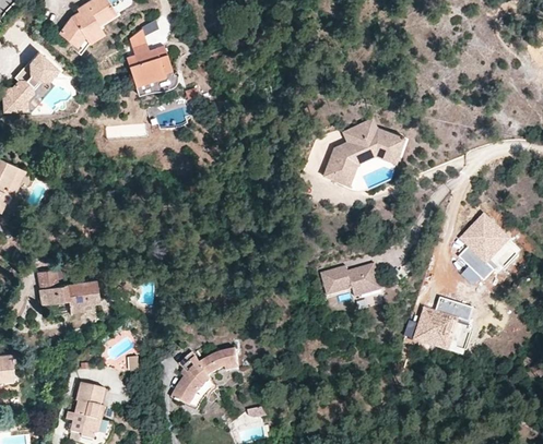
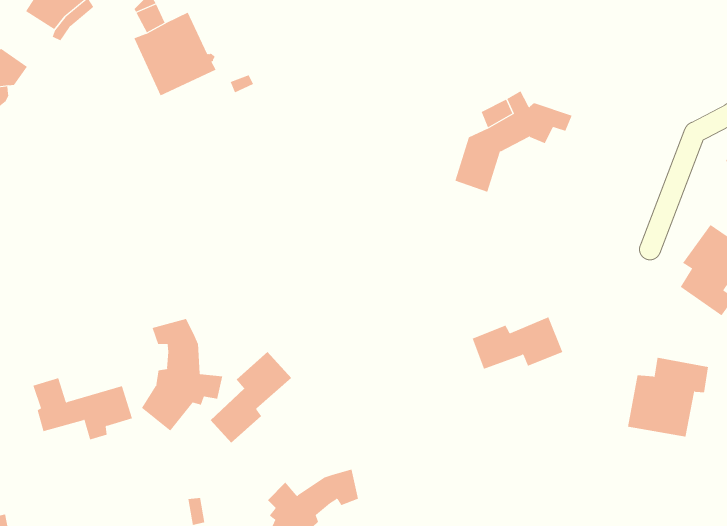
building: [344,144,399,183] -> none
building: none -> [141,318,223,431]
building: none -> [210,351,292,443]

